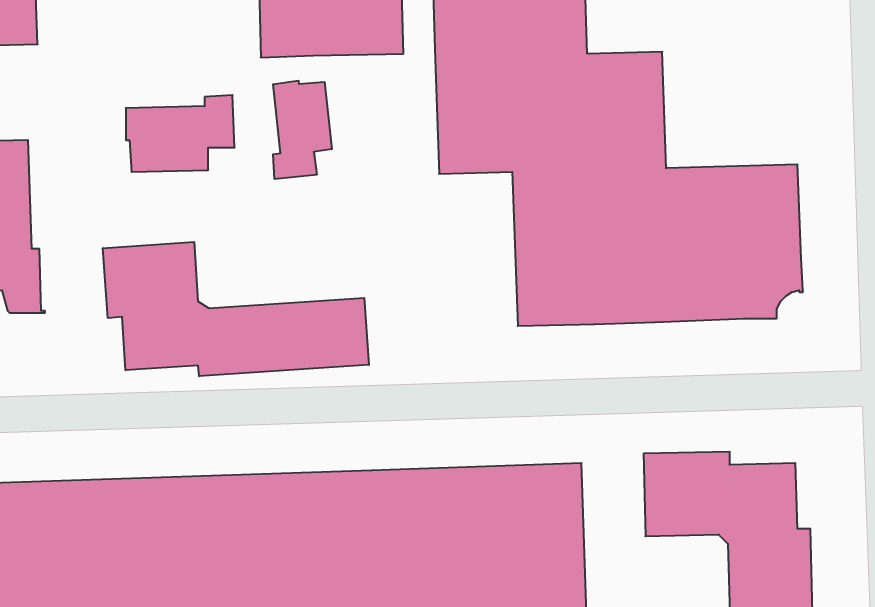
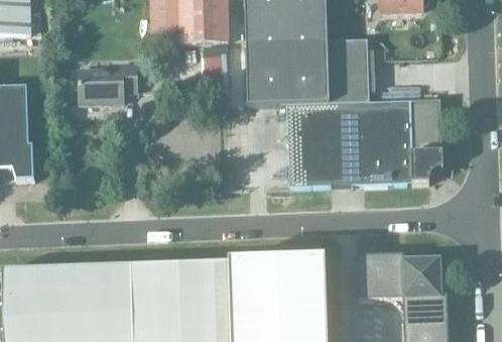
building: [273,81,332,179] -> none
building: [103,242,369,376] -> none

